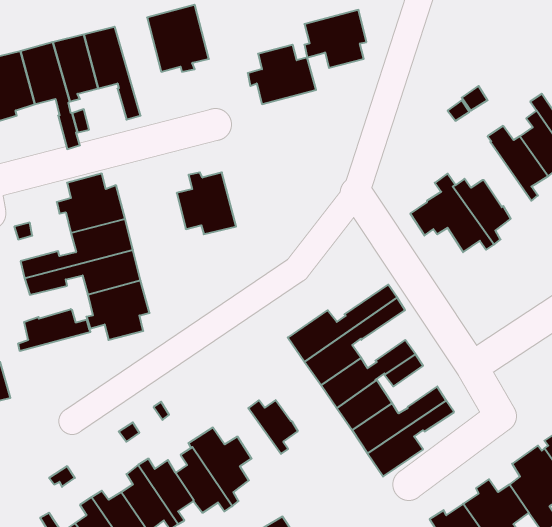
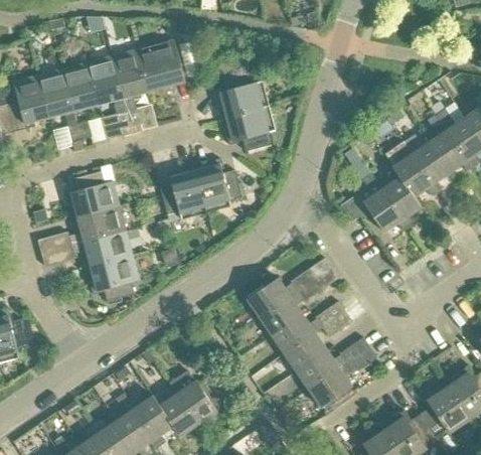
building: [304,10,366,68] -> [226,106,275,151]
building: none -> [112,49,148,126]
building: none -> [391,146,437,197]
building: none -> [195,159,243,212]
building: [18,309,90,351] -> none
building: [248,400,298,454] -> none

